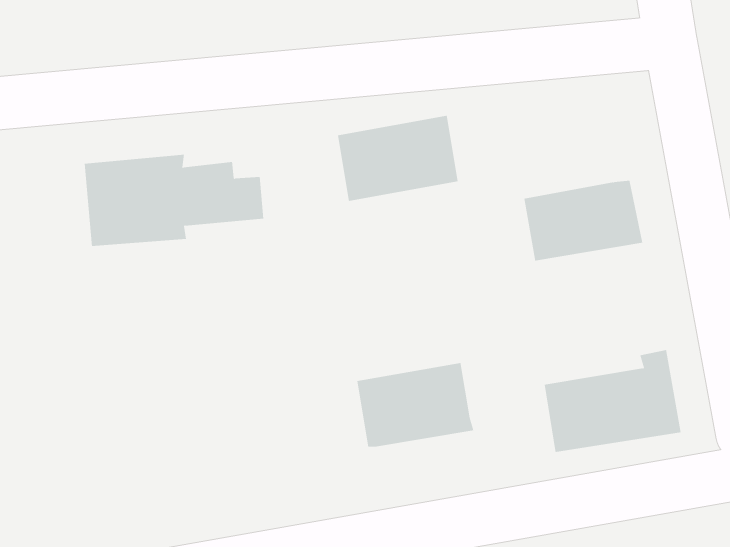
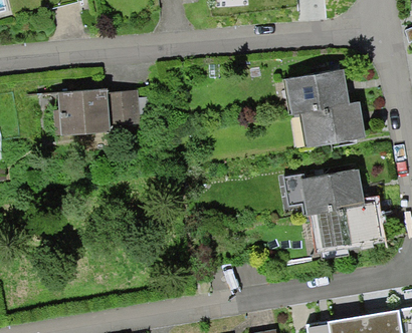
building: [337,115,458,202] -> [278,66,345,113]
building: [356,362,474,447] -> [296,166,361,213]

